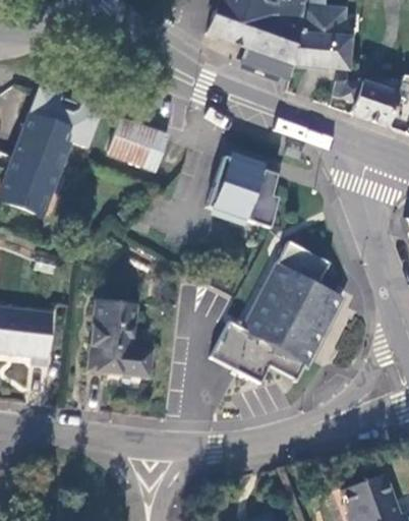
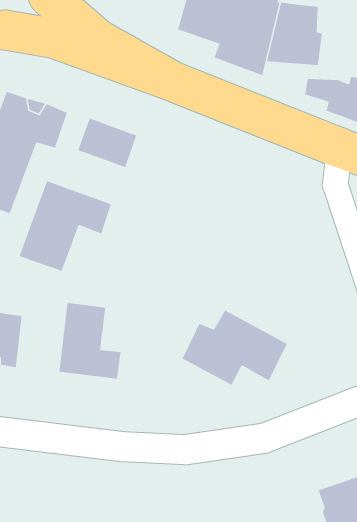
building: [209,161,279,232] -> none
building: none -> [19,180,112,272]
building: [253,241,340,341] -> none

